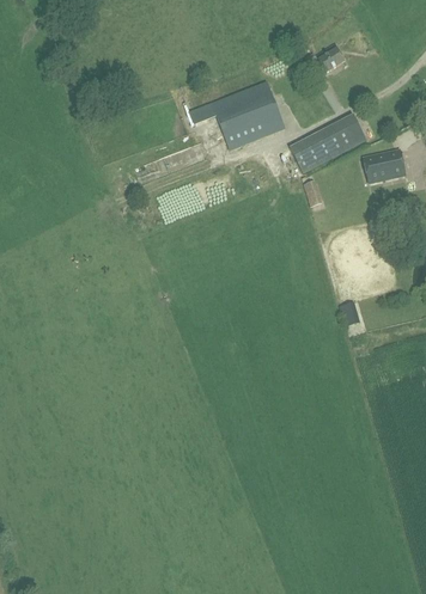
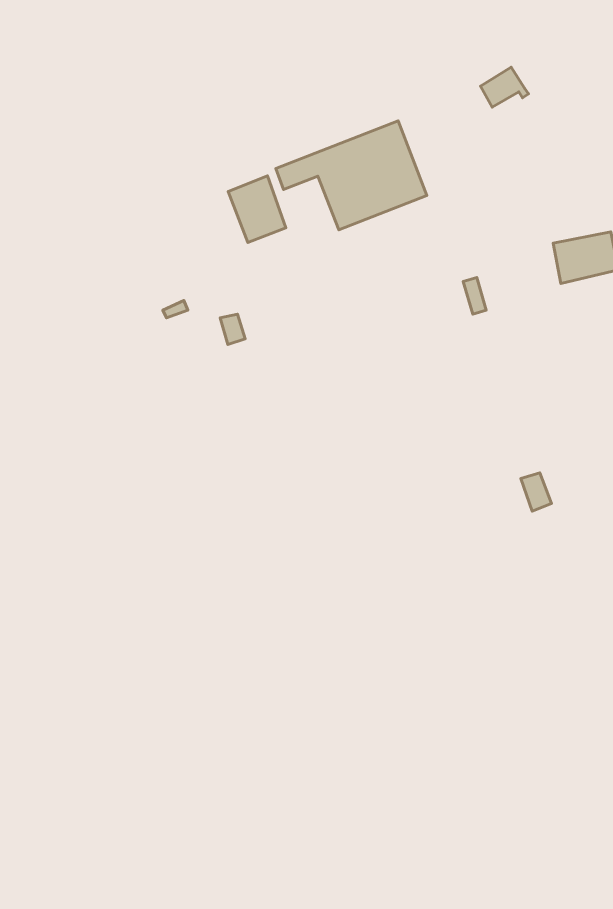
building: [290,114,366,172] -> none
building: none -> [228,176,286,243]

